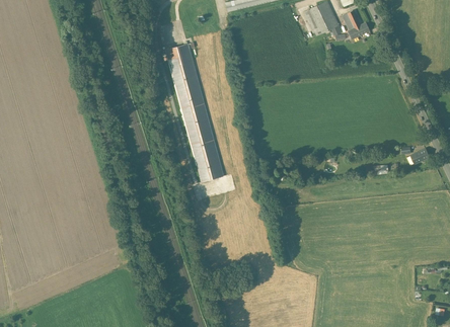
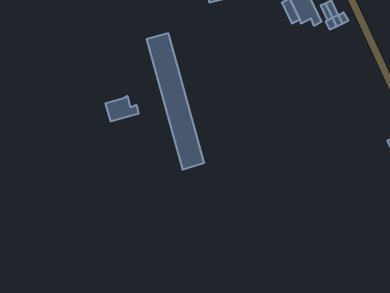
building: none -> [106,96,139,121]

